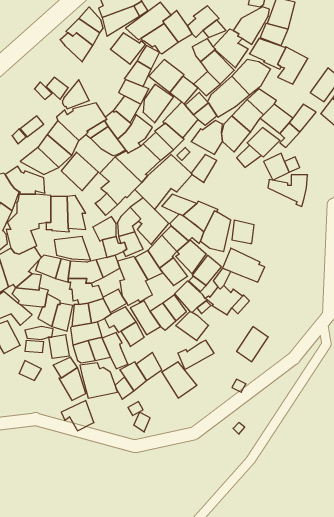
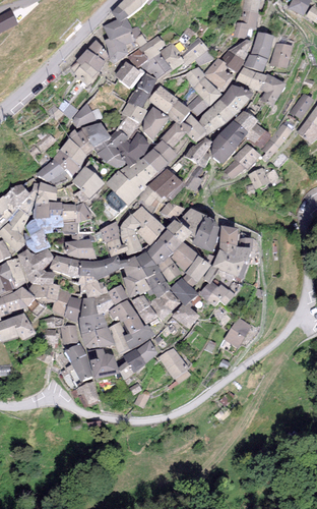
building: none -> [269,43,292,68]
building: [268,175,308,206] -> [218,237,253,265]
building: none -> [144,270,170,297]
building: [178,340,214,370] -> [123,324,154,349]

